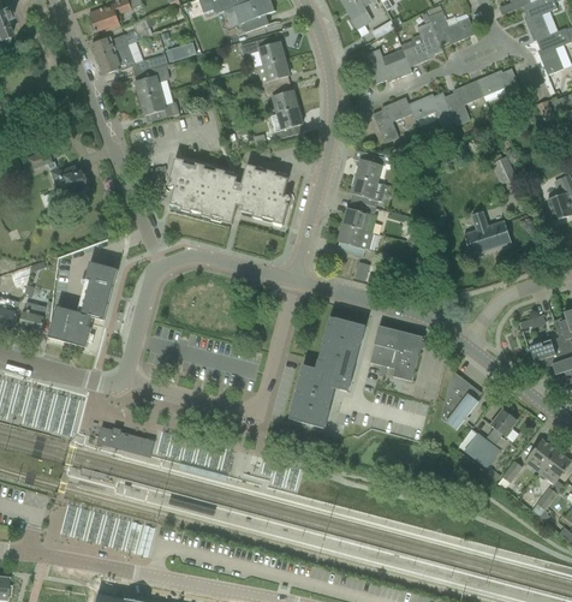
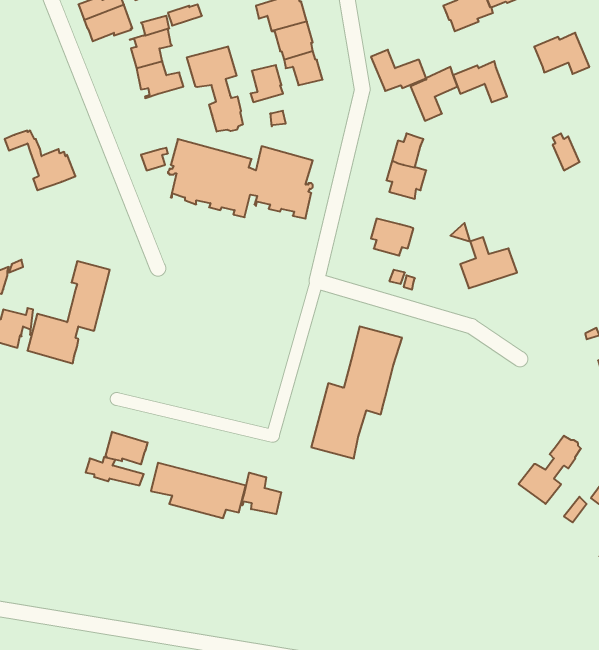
building: [365,48,412,83] -> [371,50,426,91]
building: none -> [187,46,243,132]
building: [445,79,484,125] -> none
building: [276,107,304,138] -> [250,65,283,102]
building: [344,202,377,232] -> none
building: [464,211,512,255] -> [460,237,517,288]
building: [370,324,423,381] -> none
building: [441,370,481,429] -> none
building: none -> [106,432,148,464]
building: none -> [241,473,281,514]

